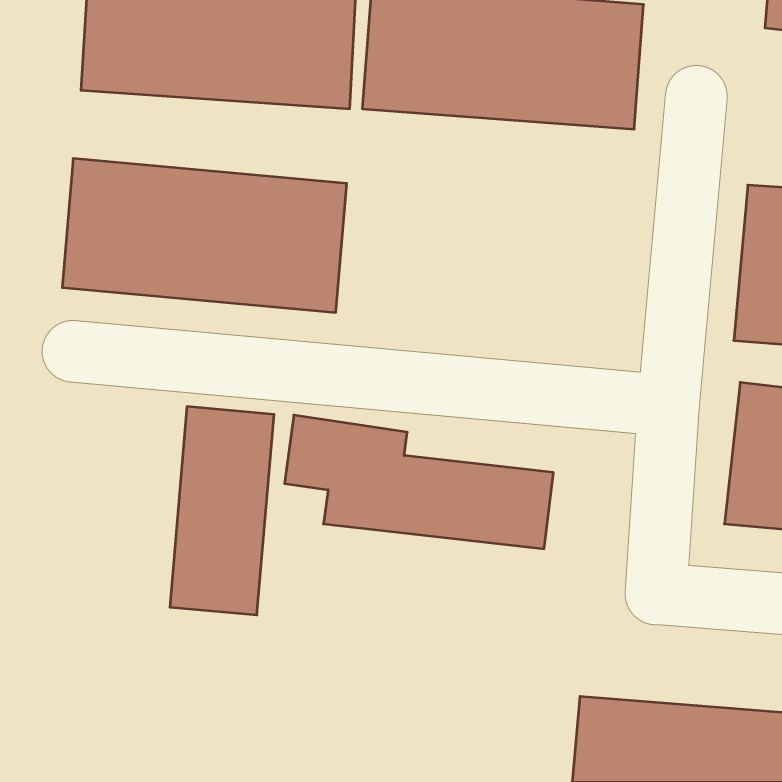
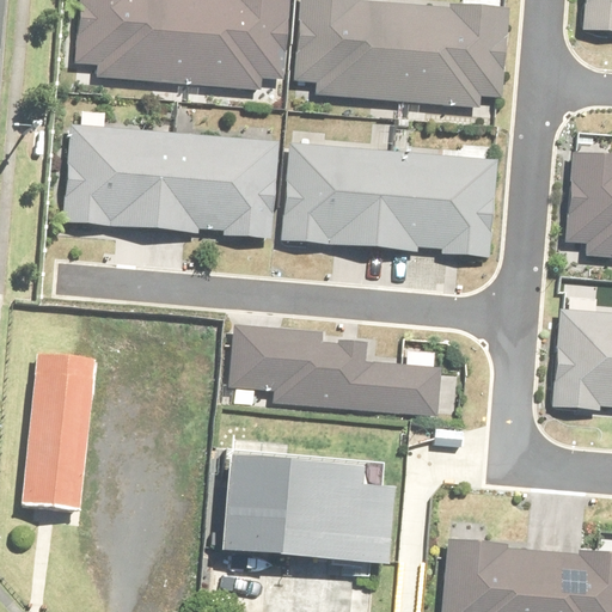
building: none -> [281,140,509,259]
building: [170,407,274,615] -> [23,350,103,510]
building: none -> [222,457,392,563]

